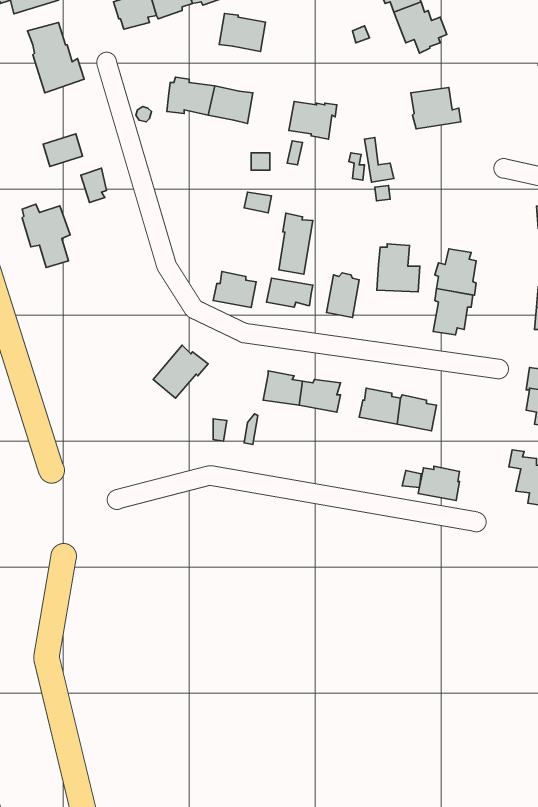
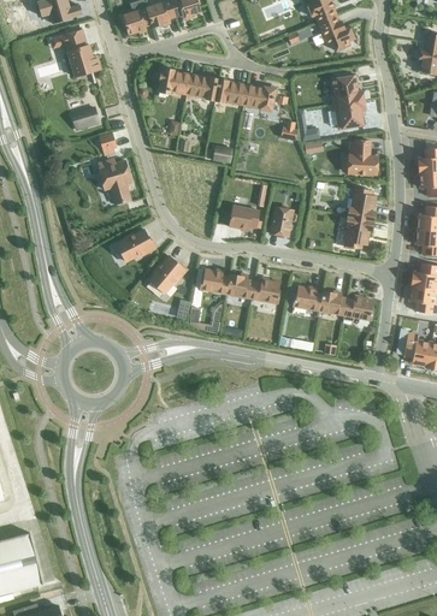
building: [219,14,266,51] -> [214,78,247,105]
building: none -> [327,99,365,129]
building: [22,204,70,268] -> [98,161,131,206]
building: [279,213,313,274] -> none
building: [377,244,420,292] -> [347,140,377,173]
building: [213,271,256,307] -> [199,268,229,294]
building: none -> [116,229,154,261]
building: [418,466,459,501] -> [343,296,372,320]

